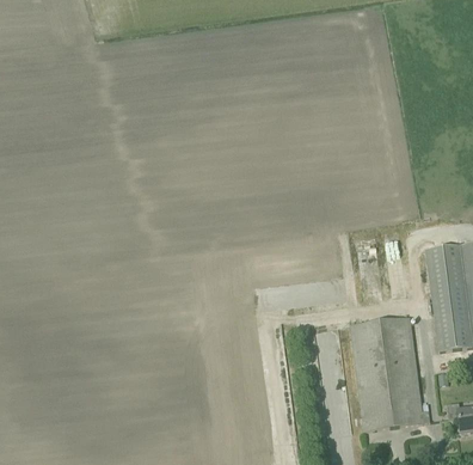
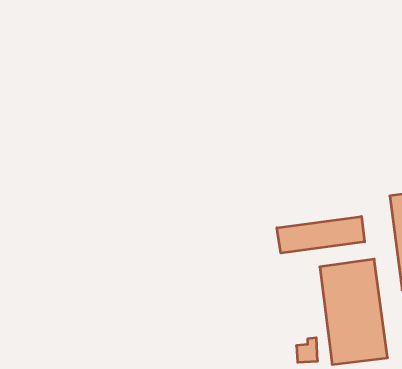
building: none -> [277,216,365,253]

